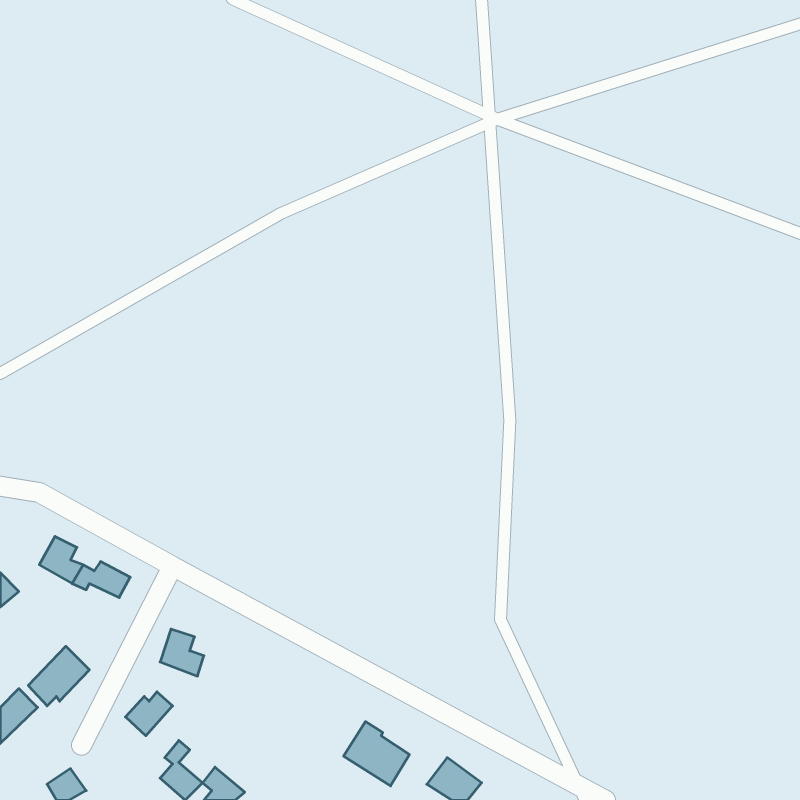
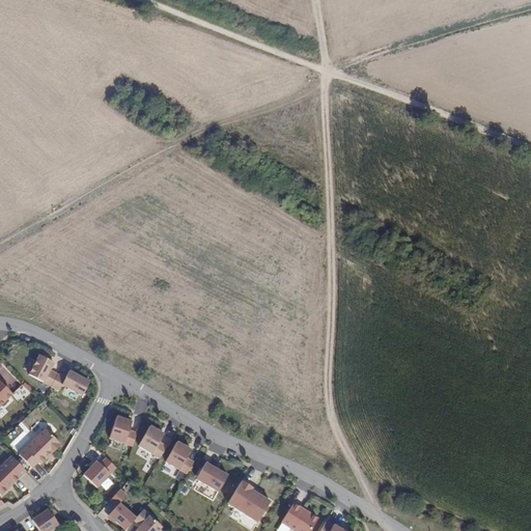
building: none -> [137,425,166,458]
building: none -> [164,441,193,475]
building: none -> [194,463,226,492]

